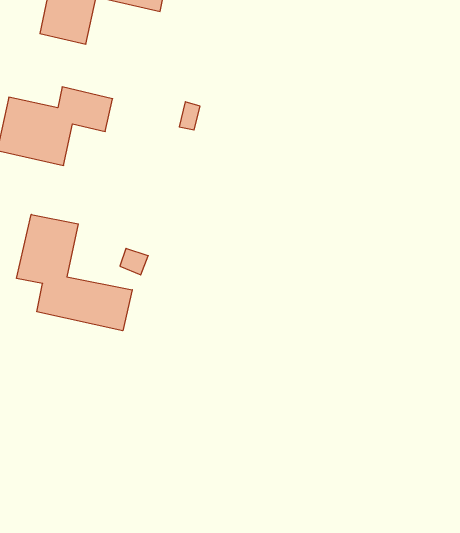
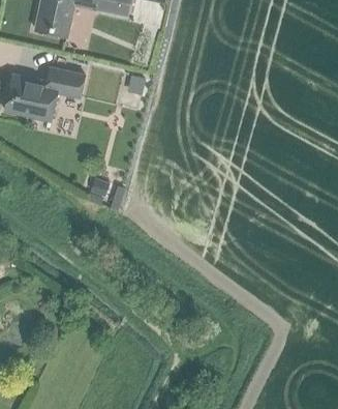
building: [17,214,132,331] -> none

